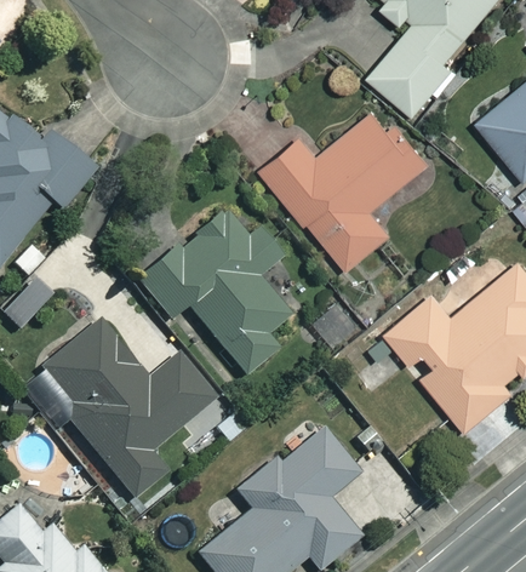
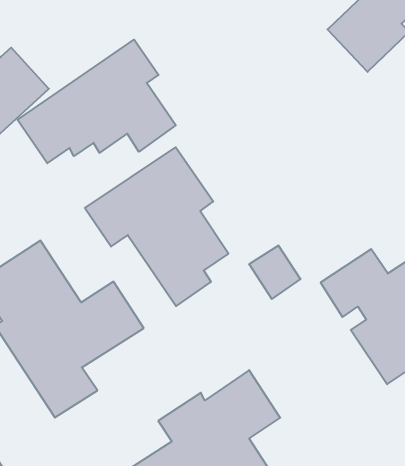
building: [262,105,428,269] -> none
building: none -> [18,40,176,163]

